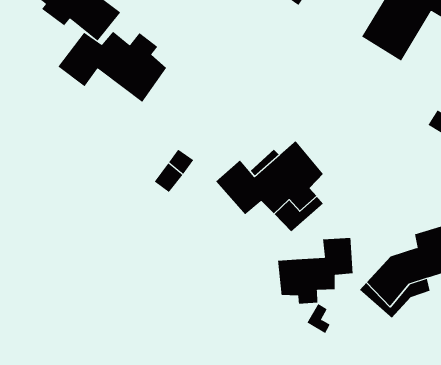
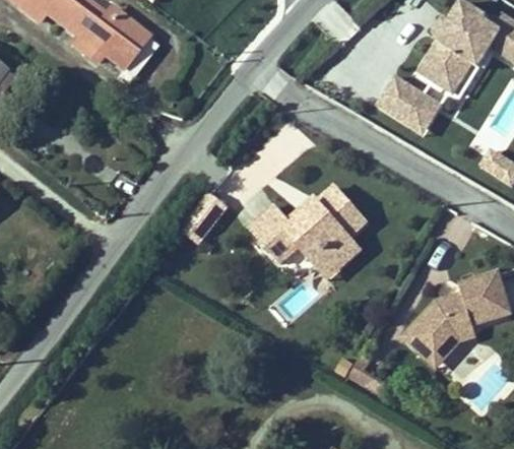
building: [58,31,167,103] -> none
building: none -> [370,75,437,134]
building: [278,237,353,304] -> none

